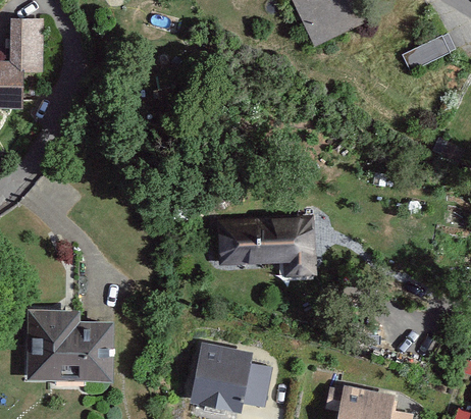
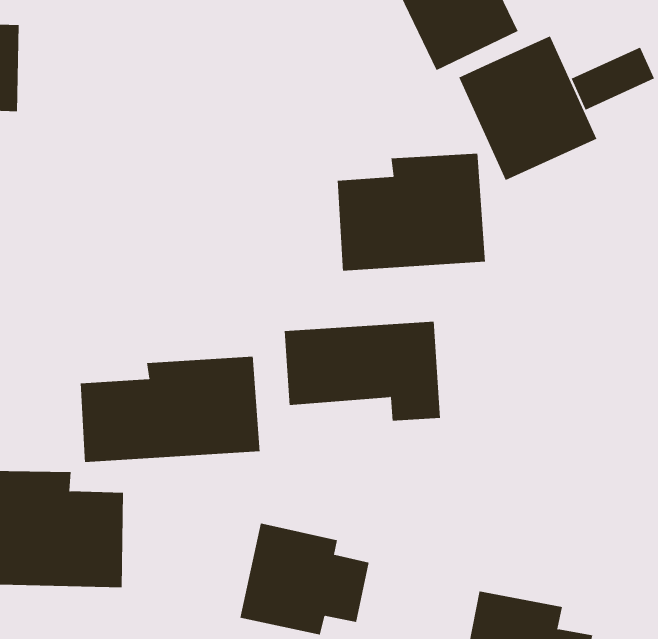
building: none -> [458,36,597,181]
building: none -> [337,153,485,271]
building: none -> [80,356,260,463]

